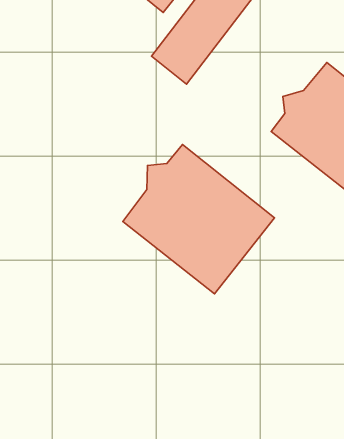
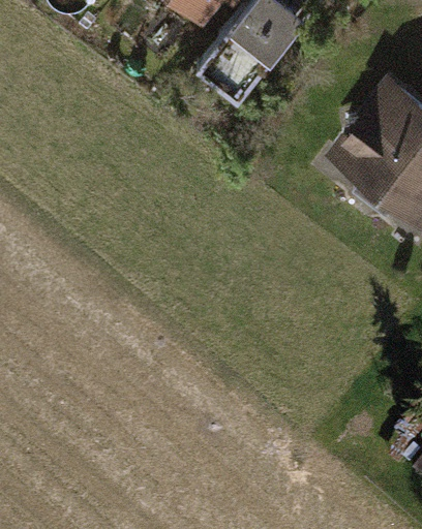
building: [123,145,274,294] -> none

